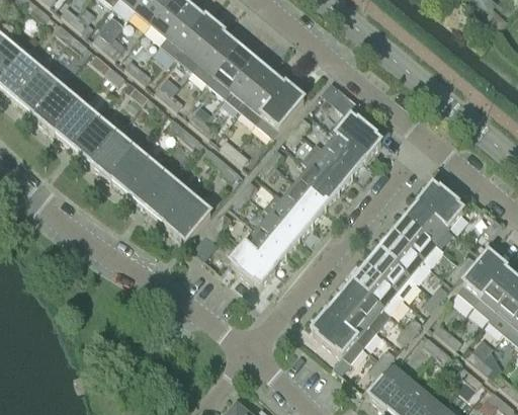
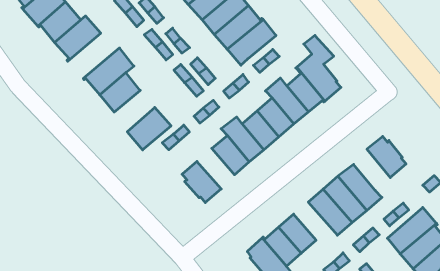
building: [90,126,142,179] -> none
building: [148,174,195,227] -> none
building: [407,201,447,243] -> none
building: [243,229,284,269] -> none
building: [353,267,403,313] -> none

